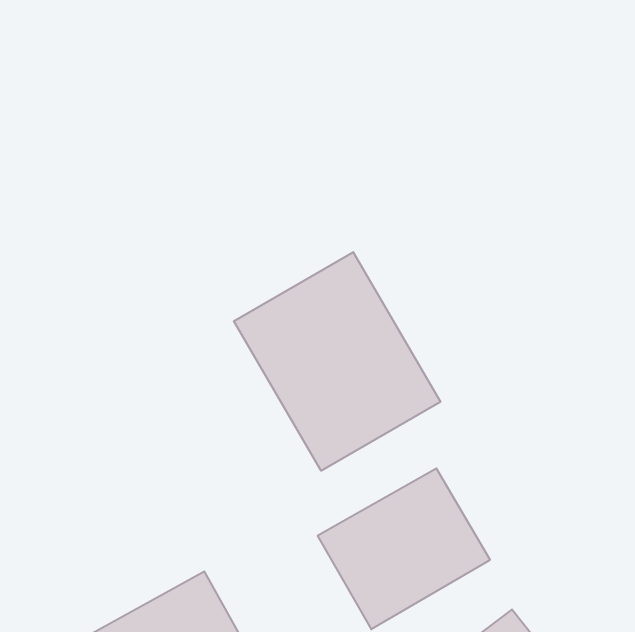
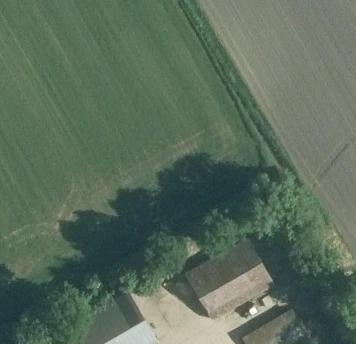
building: [234,252,440,471] -> none

